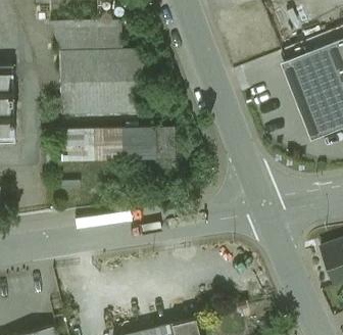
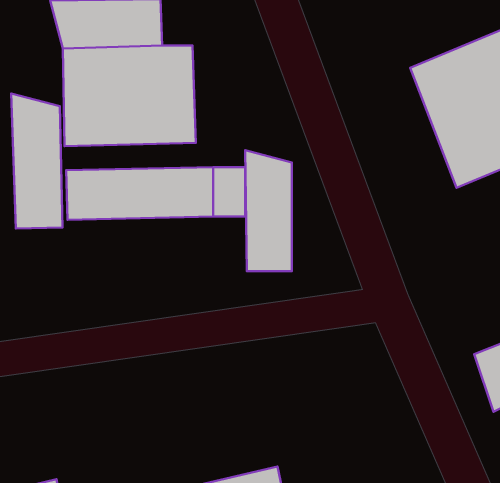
building: none -> [11,93,63,228]
building: none -> [245,150,292,271]

